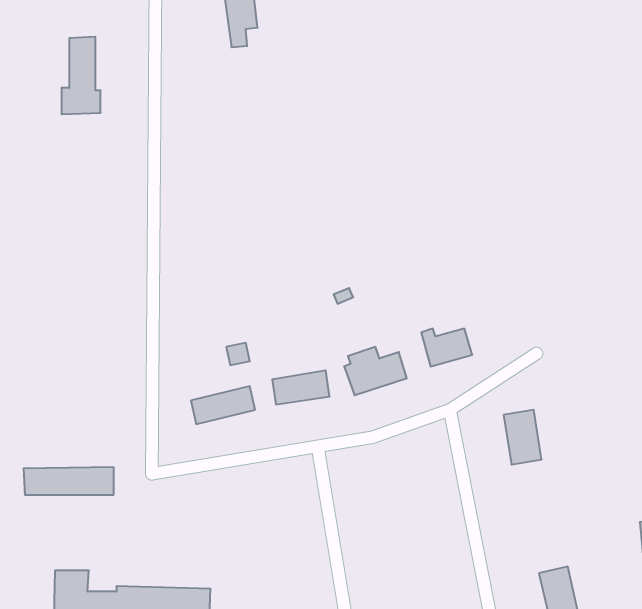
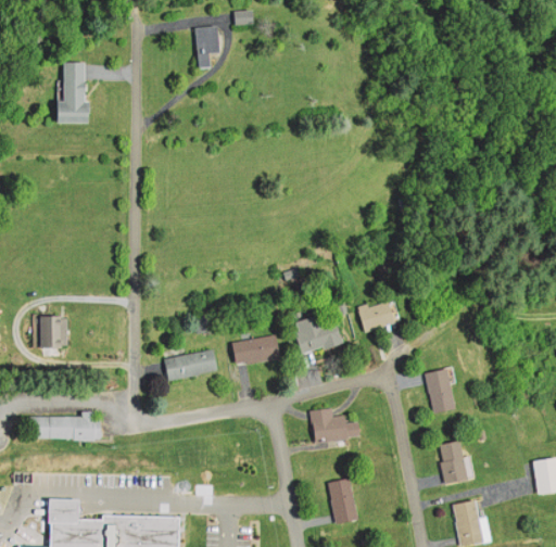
building: none -> [39,315,63,355]
building: none -> [309,409,362,441]
building: none -> [441,441,469,485]
building: none -> [326,476,356,524]

